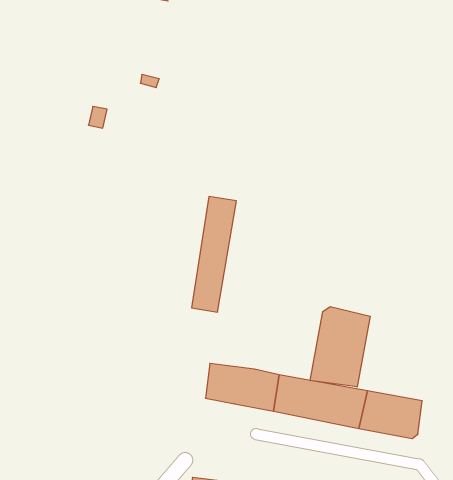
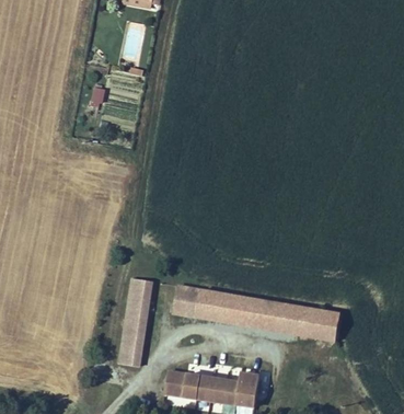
building: [192,197,236,312] -> [118,278,152,366]
building: [310,307,370,387] -> none

